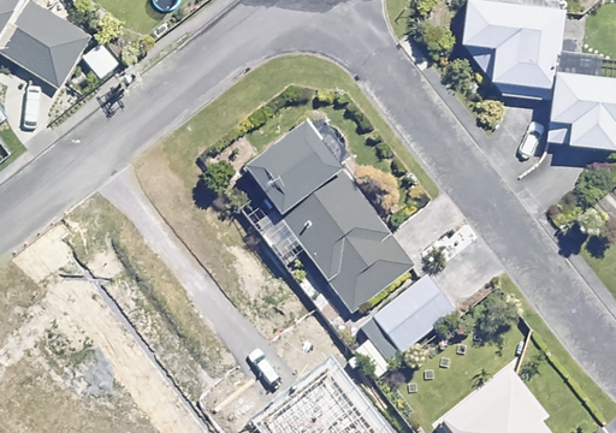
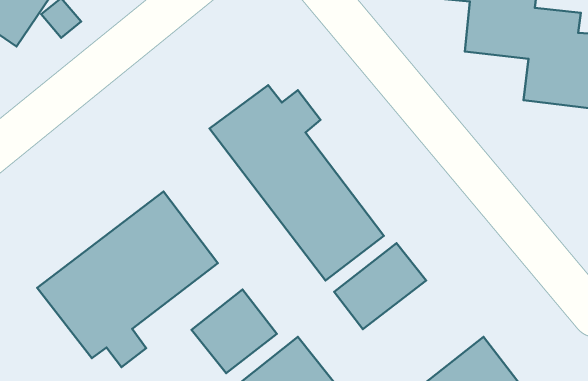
building: none -> [37,192,218,367]
building: none -> [192,289,277,373]

